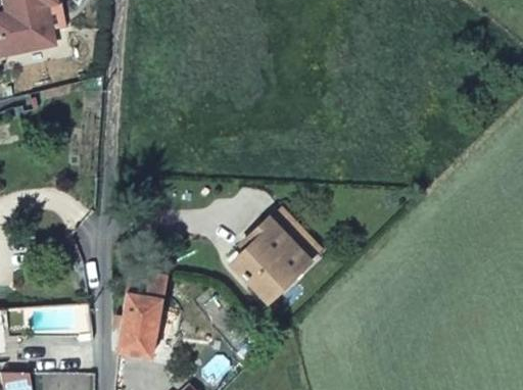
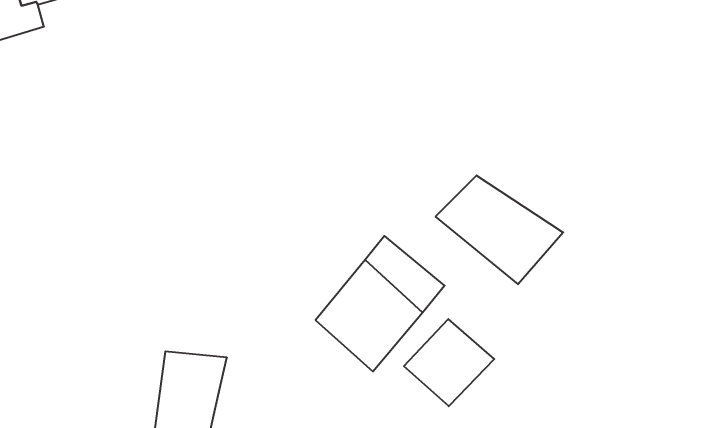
building: none -> [436,175,563,284]
building: none -> [404,319,494,406]

